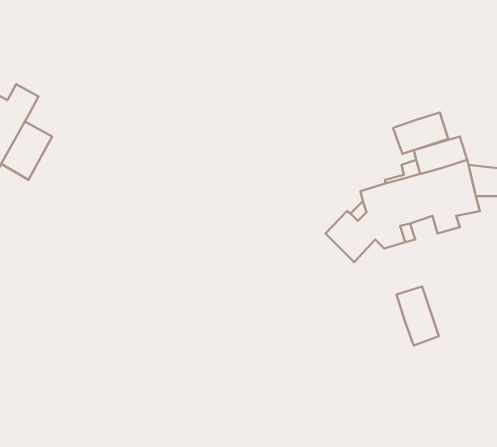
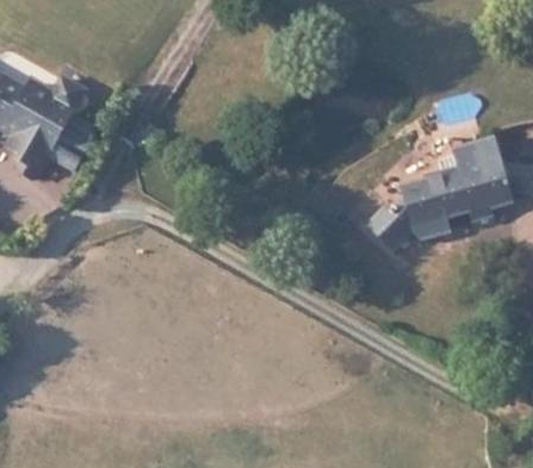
building: [393,112,448,154] -> none
building: [397,286,439,345] -> none

